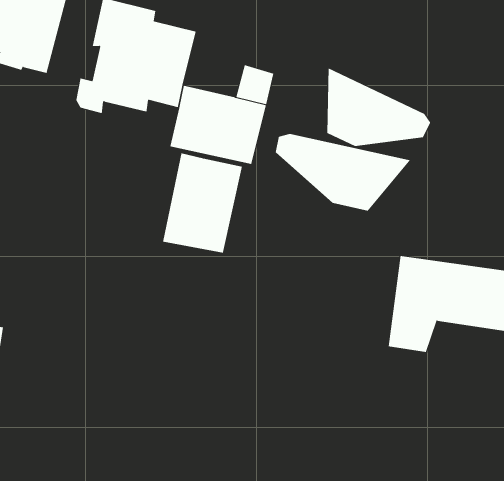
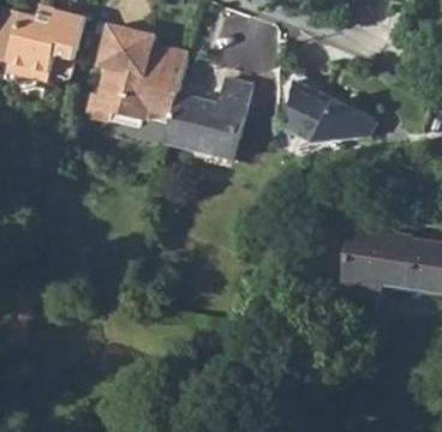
building: [275,133,411,211] -> none
building: [163,153,242,253] -> none

